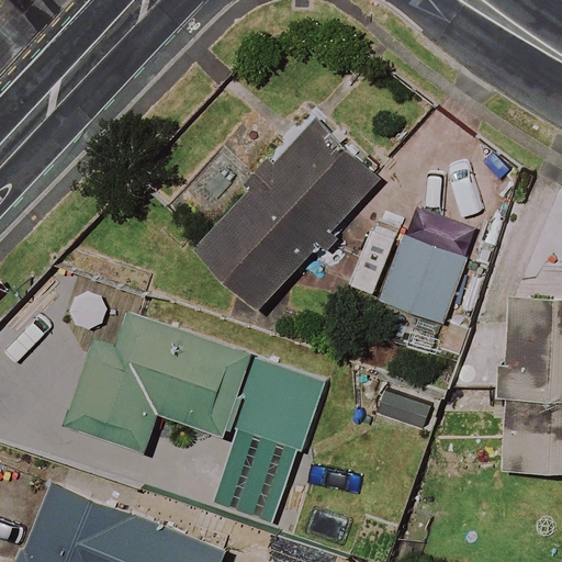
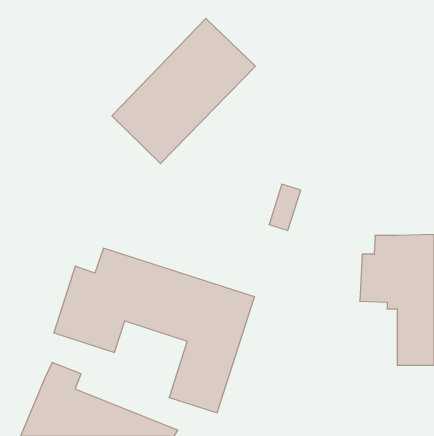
building: [196,117,381,304] -> [112,18,255,164]
building: [383,239,463,318] -> none

